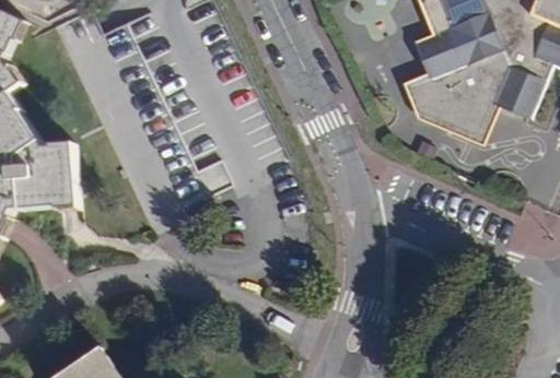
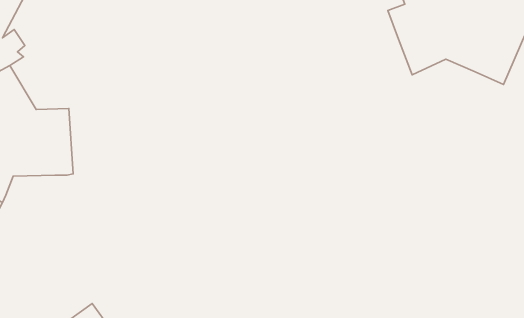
building: [399,68,495,140] -> none

